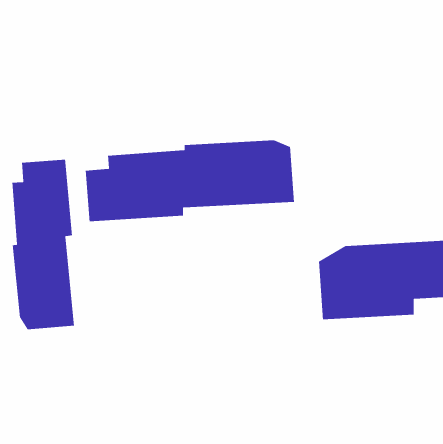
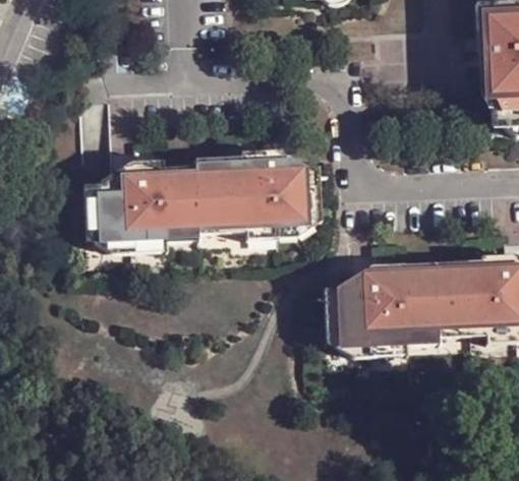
building: [12,159,75,330] -> none

